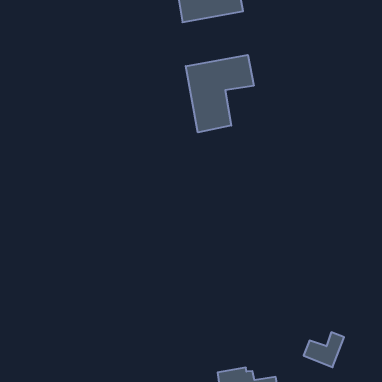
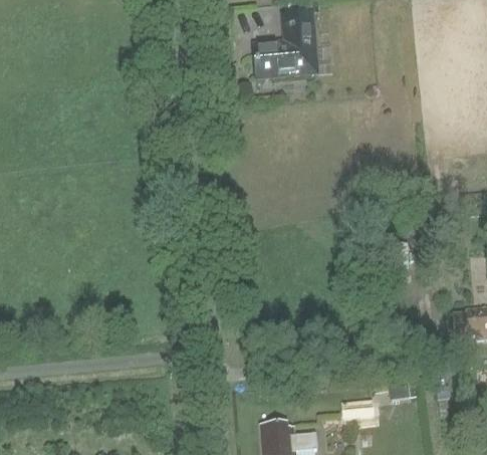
building: [186,55,254,132] -> none

